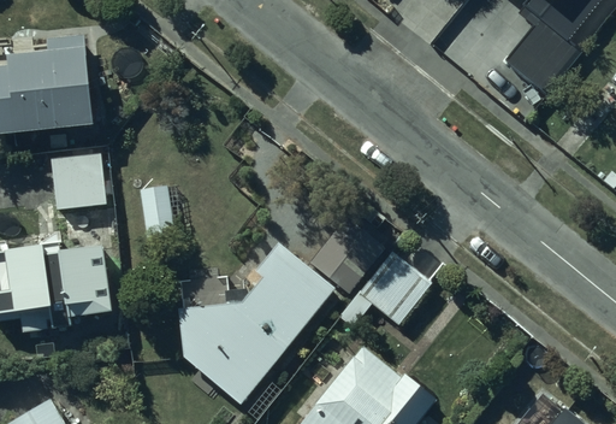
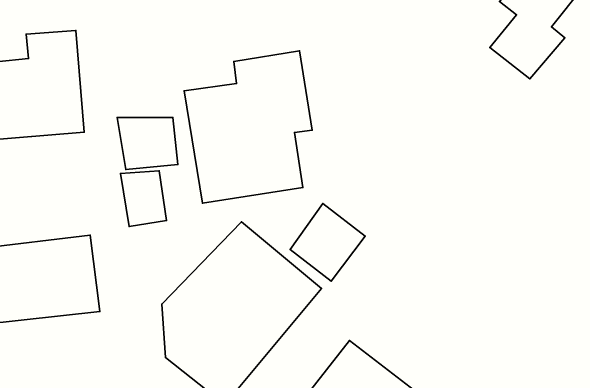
building: none -> [184,51,312,203]
building: [43,148,103,200] -> [117,117,178,169]
building: [355,252,430,328] -> none

